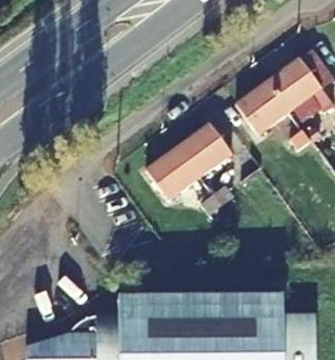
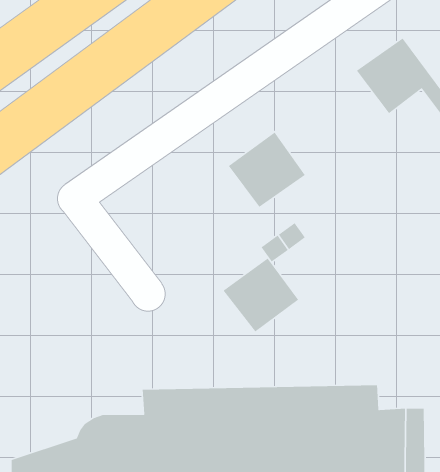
building: [237,79,289,168] -> none
building: [146,145,199,197] -> [223,258,299,333]

